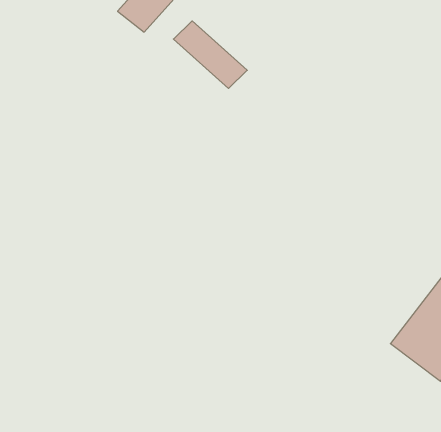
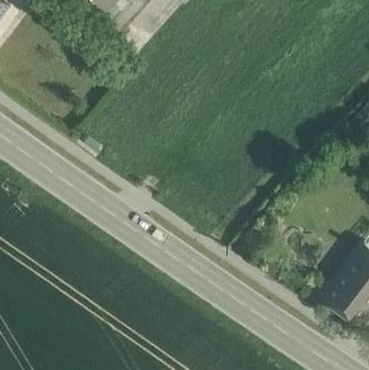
building: [173,21,247,88] -> none

